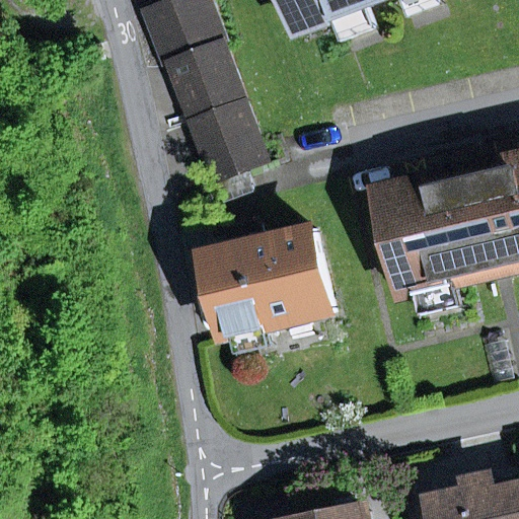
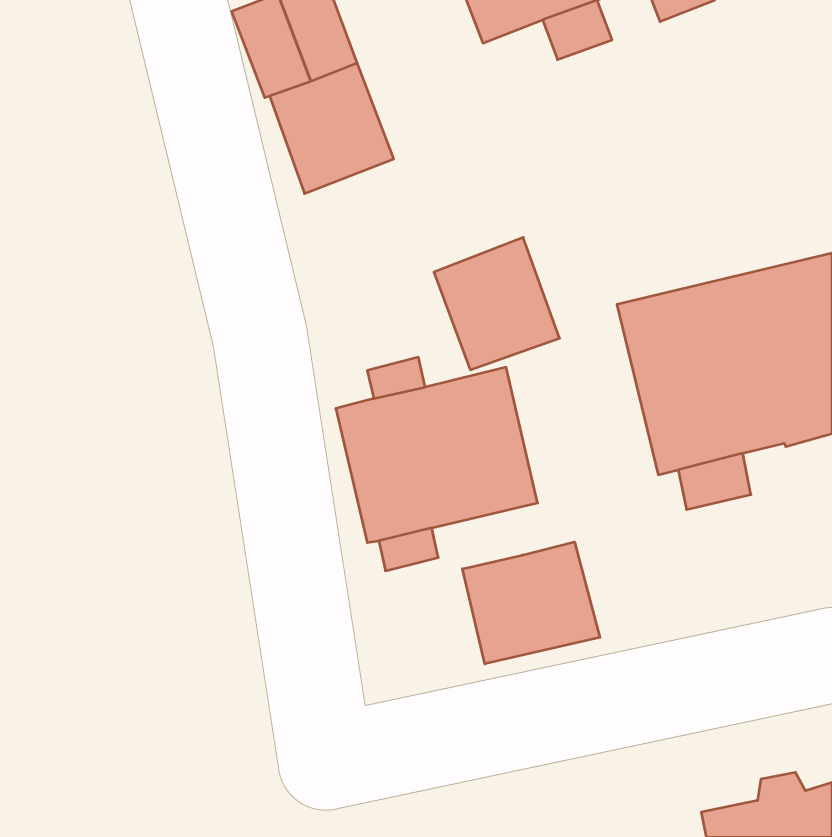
building: [187,97,264,178] -> [434,237,560,370]
building: none -> [462,542,600,664]

